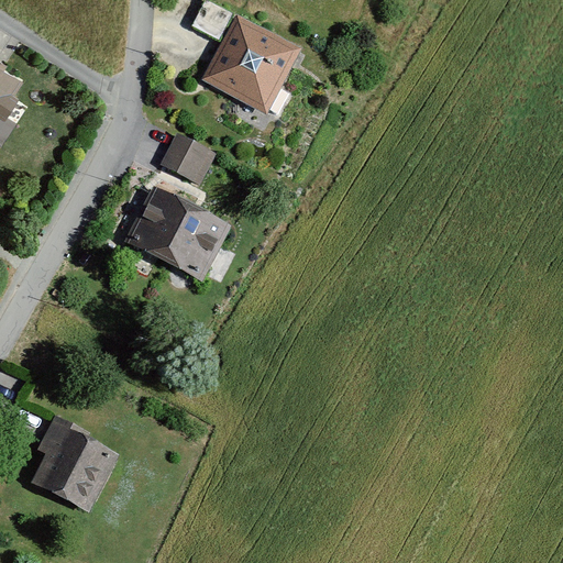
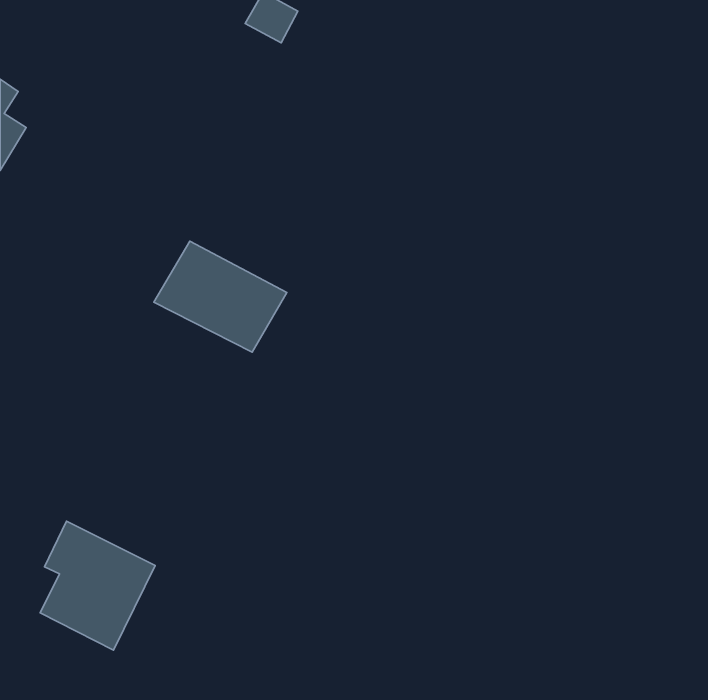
building: [200,13,299,115] -> none
building: [164,132,211,177] -> none

